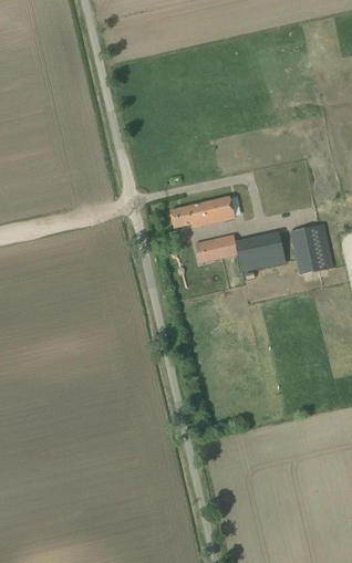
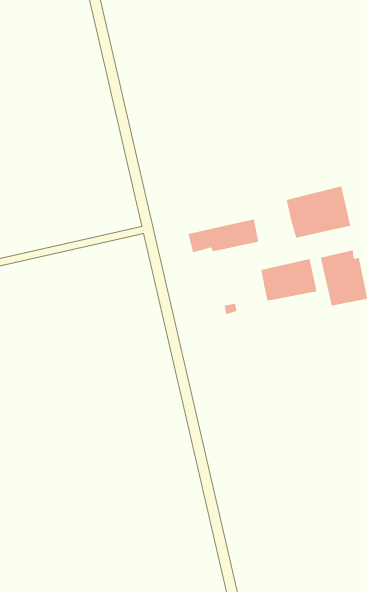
building: none -> [286,185,351,239]
building: [196,234,238,262] -> none

